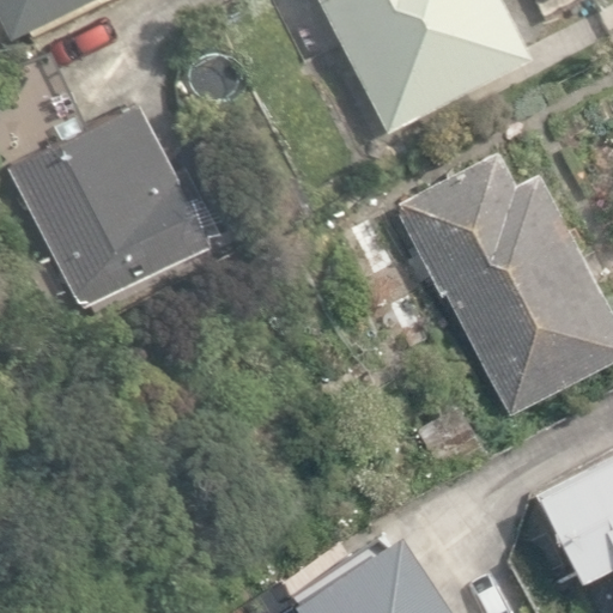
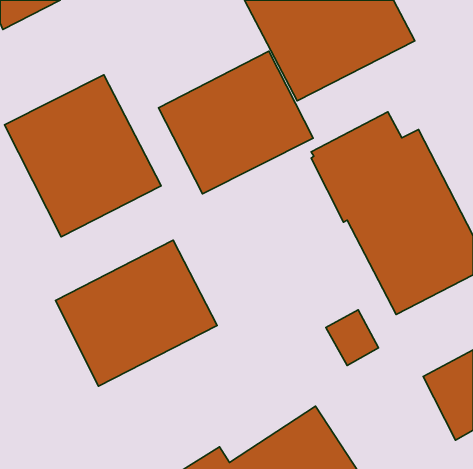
building: none -> [158,51,313,194]
building: none -> [56,240,217,386]

